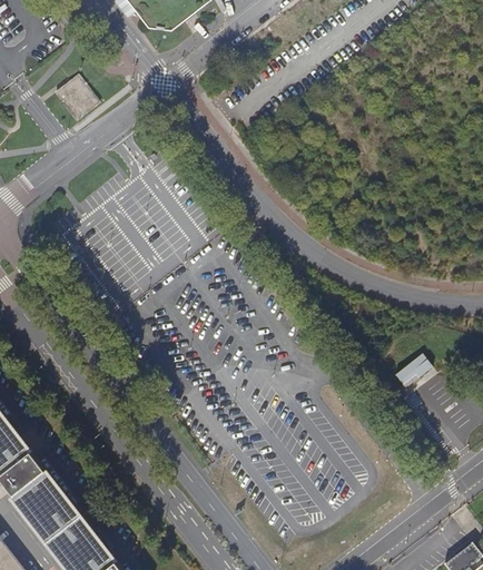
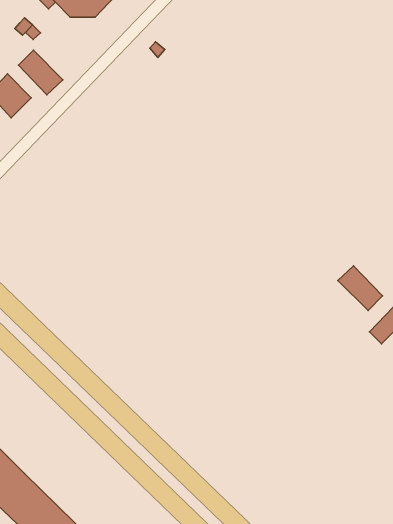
building: none -> [19,50,63,95]
building: none -> [338,266,383,310]

